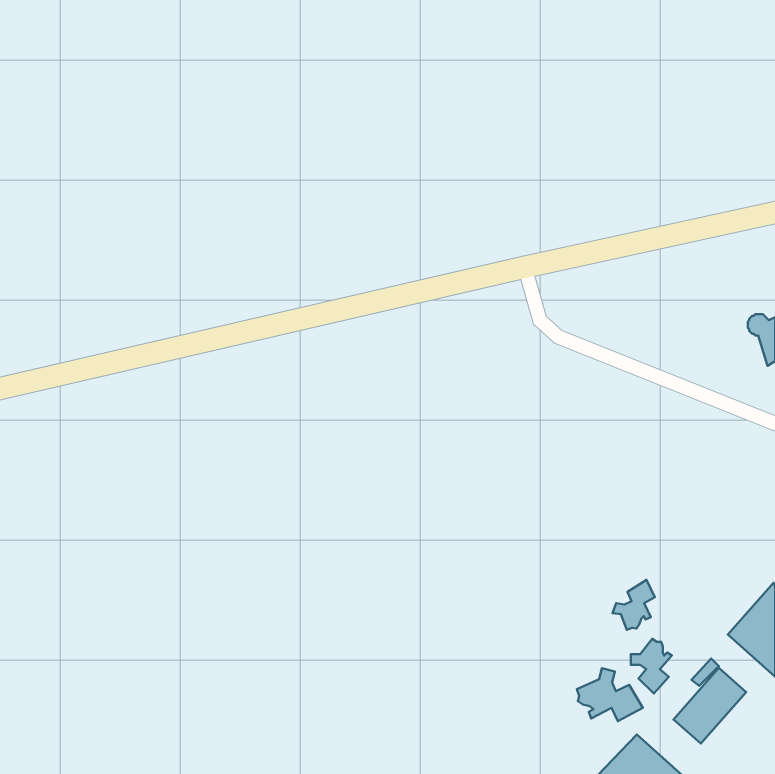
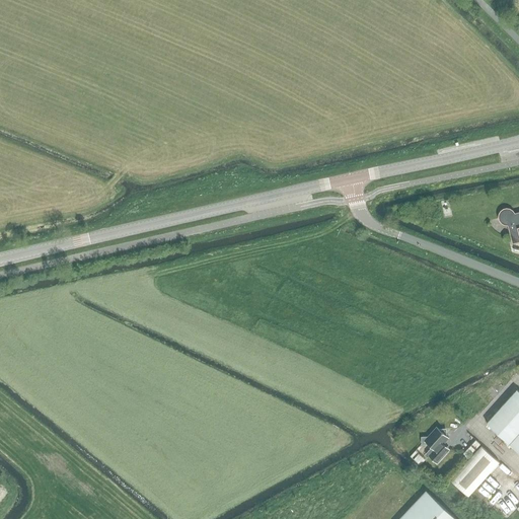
building: [612,580,655,630] -> none
building: [577,668,643,721] -> none

